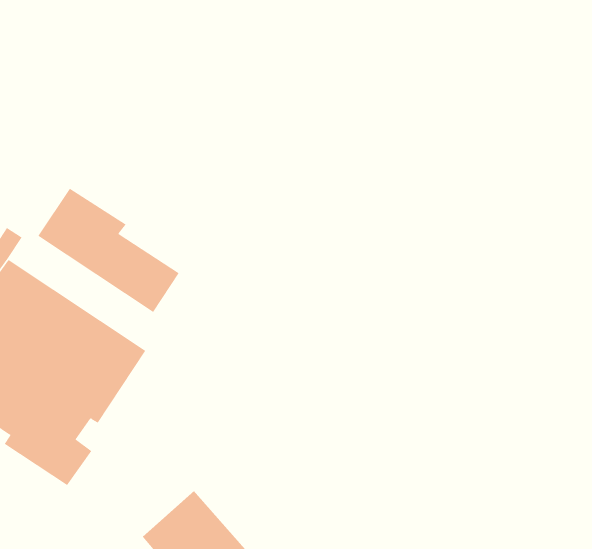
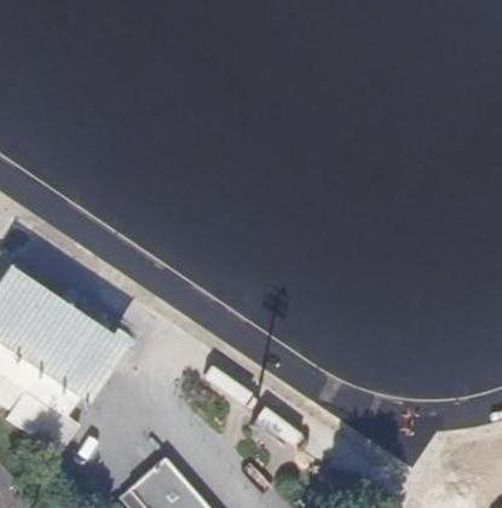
building: [38,188,179,313] -> none

